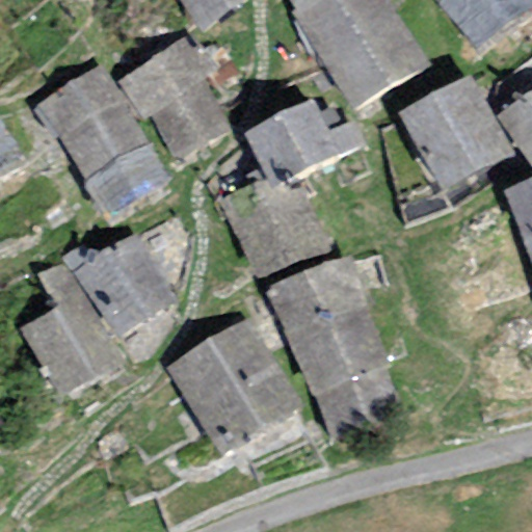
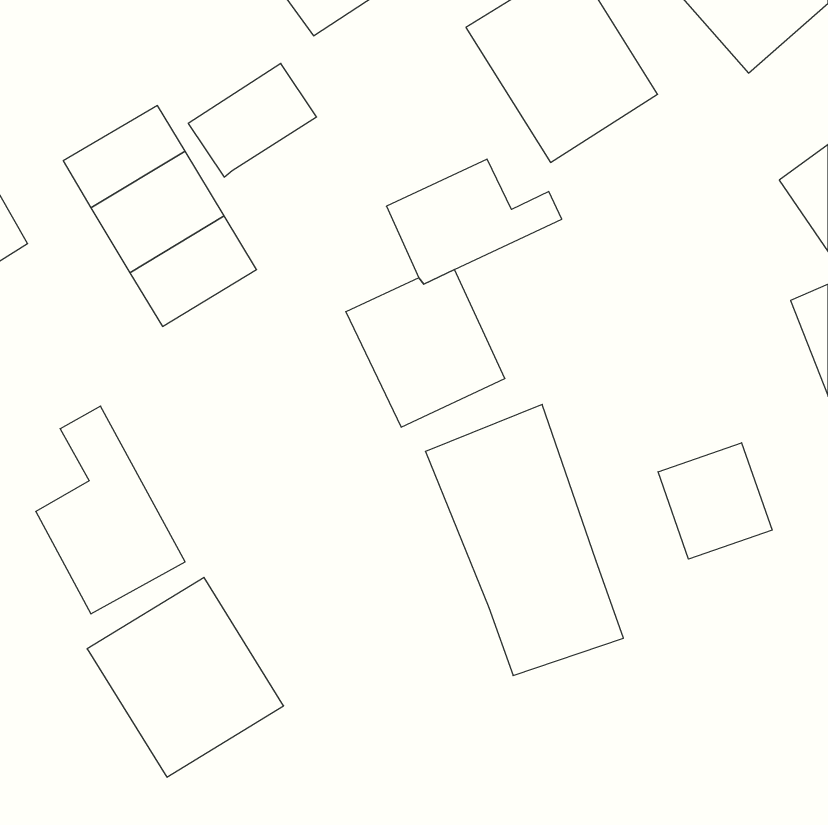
building: [400,74,508,185] -> none
building: [149,75,227,154] -> none
building: [78,236,174,334] -> none
building: none -> [658,443,772,559]
building: [169,321,295,449] -> [87,577,284,777]

